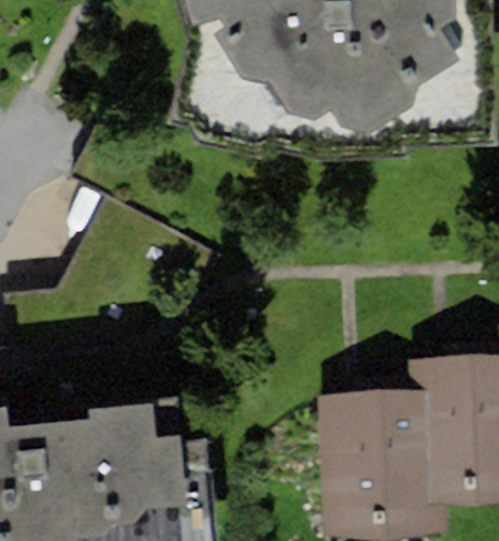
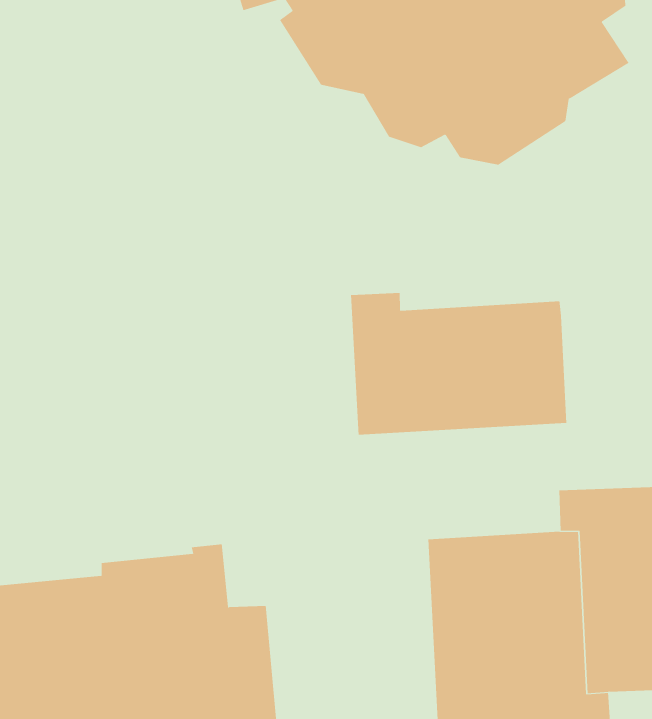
building: none -> [351,292,567,435]

